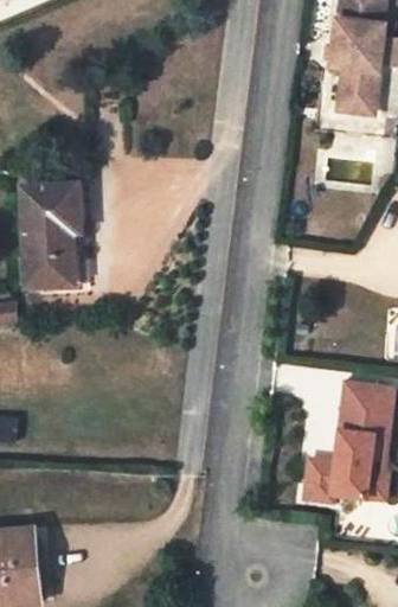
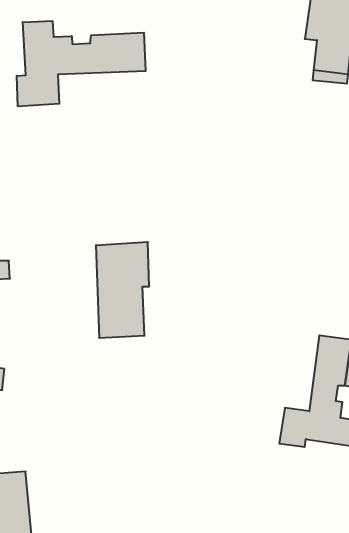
building: none -> [17,21,146,106]
building: [23,183,79,285] -> [96,242,149,338]

